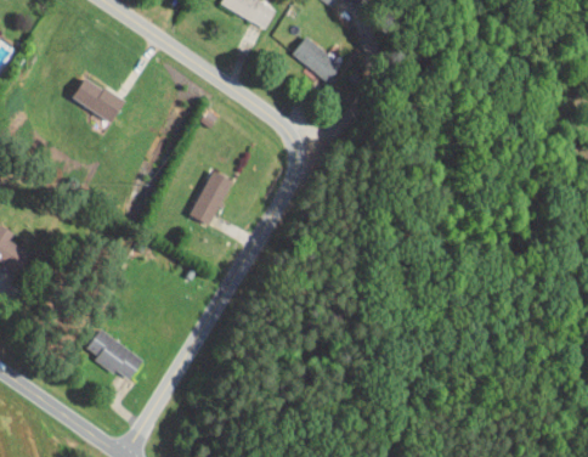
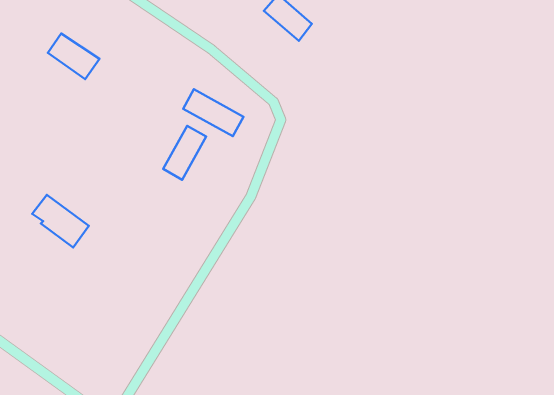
building: none -> [183,89,244,136]
building: [85,329,142,383] -> [32,195,89,247]

